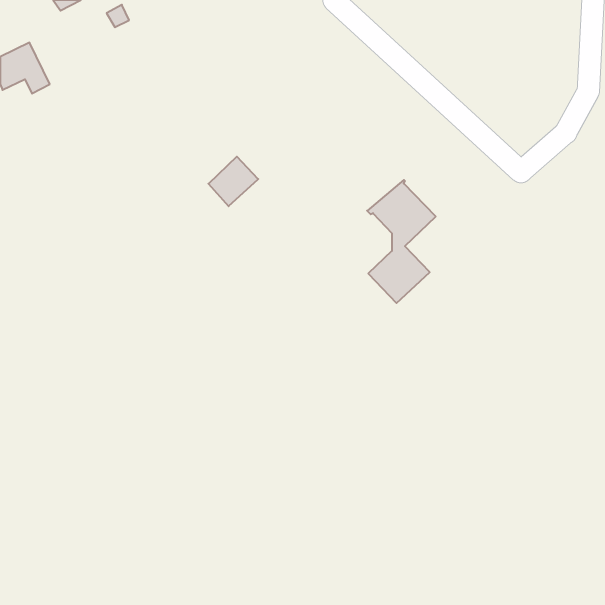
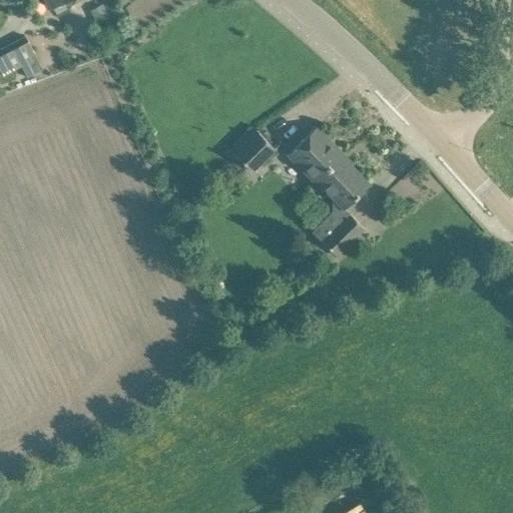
building: none -> [288,126,342,178]
building: [208,157,258,206] -> [234,130,277,172]

